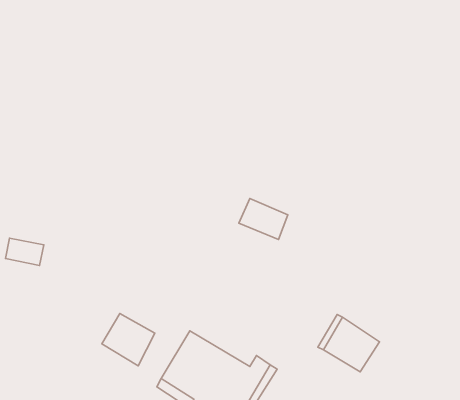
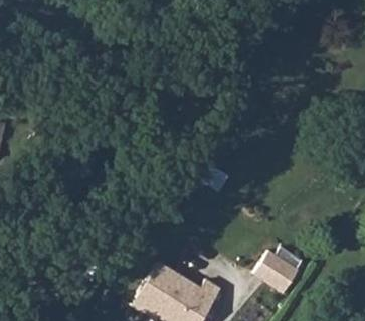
building: [102,313,155,366] -> none

